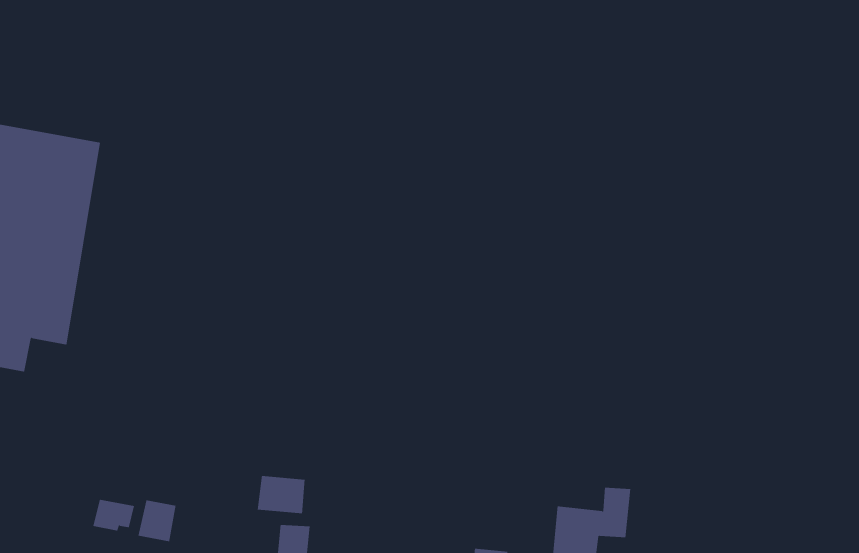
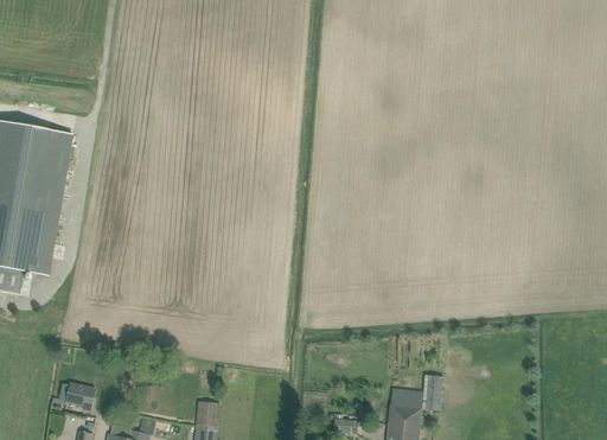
building: [257,475,305,514] -> none
building: [138,499,176,542] -> none

